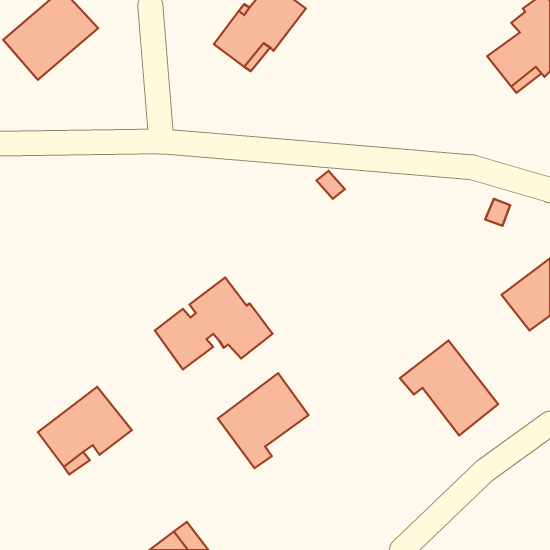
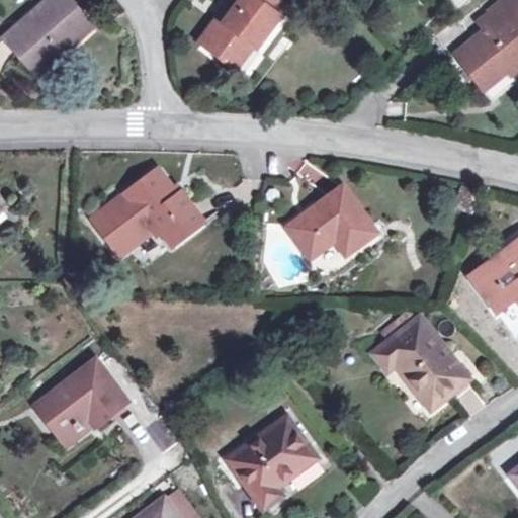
building: none -> [288,187,375,257]
building: [155,278,273,369] -> [92,168,202,254]
building: [218,373,308,468] -> [230,418,315,507]

